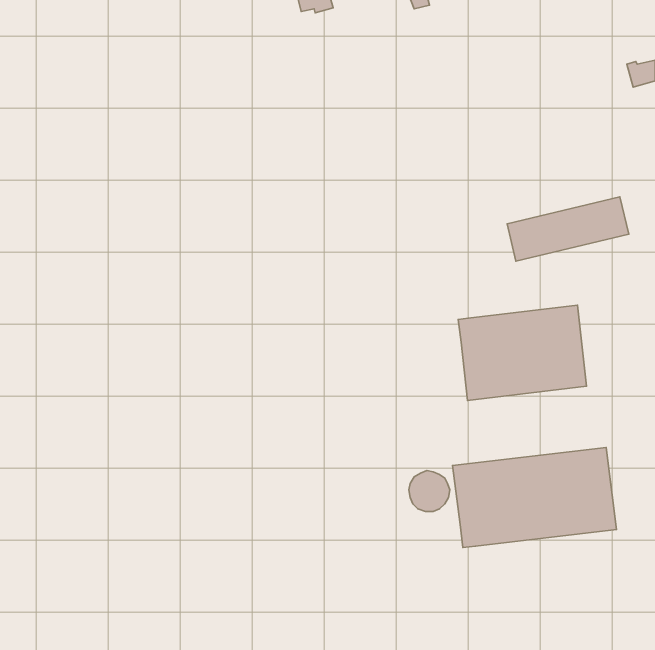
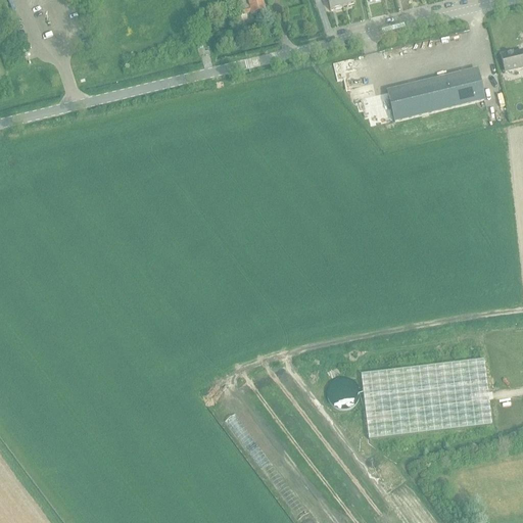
building: [507,197,629,261] -> [387,67,484,118]
building: [458,305,587,400] -> none

